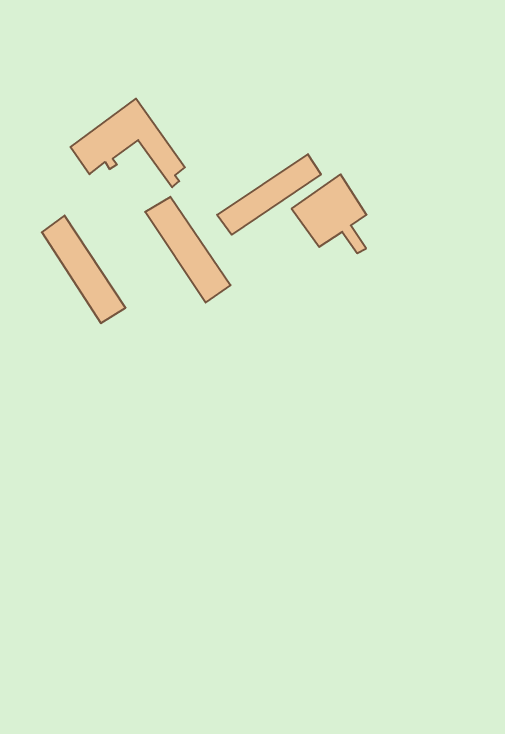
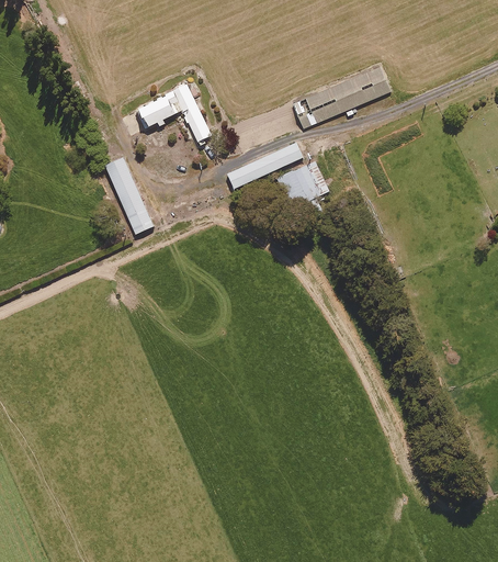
building: none -> [293,64,391,128]
building: [145,197,231,303] -> none

